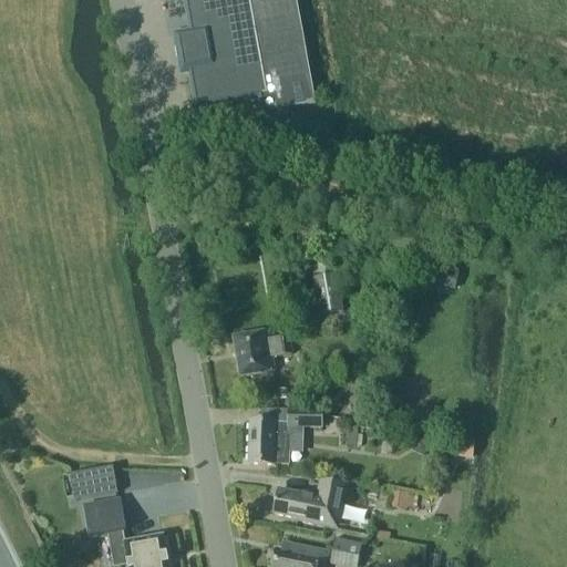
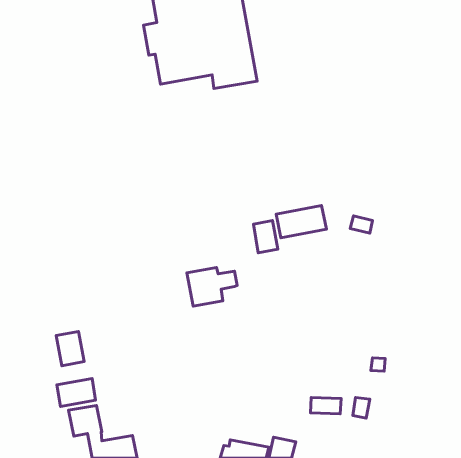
building: none -> [276,205,326,238]
building: none -> [56,331,84,366]
building: [248,406,322,464] -> none
building: [272,477,348,528] -> none

